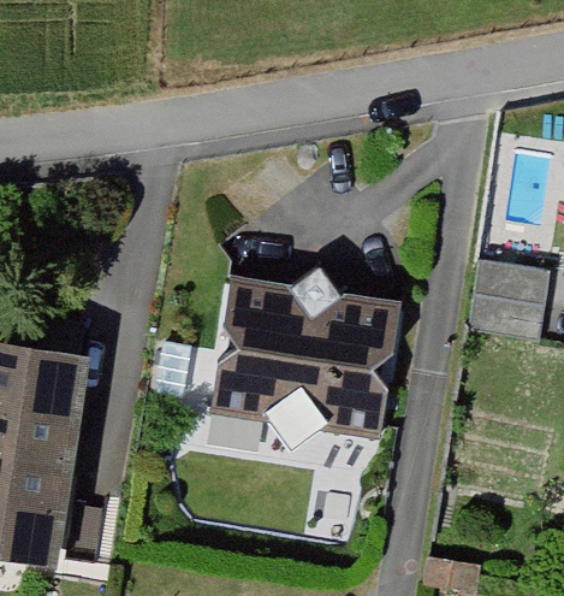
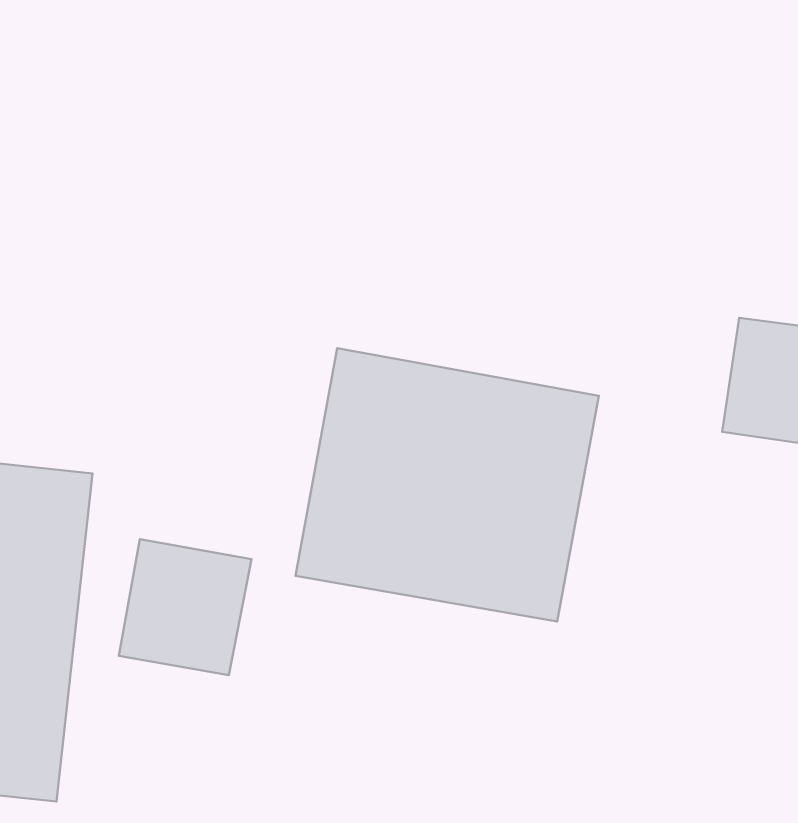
building: none -> [119,539,252,675]

